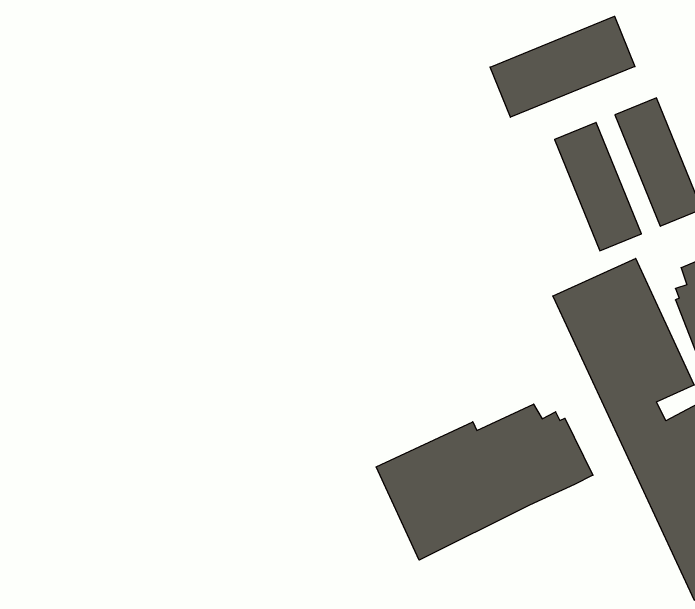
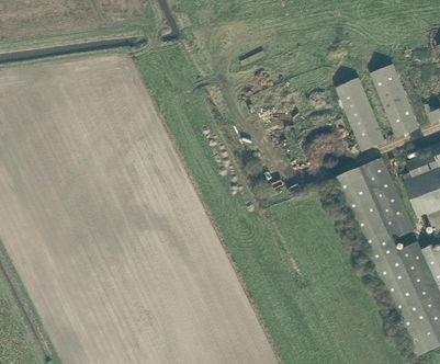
building: [490,16,635,117] -> none
building: [376,404,593,560] -> none

